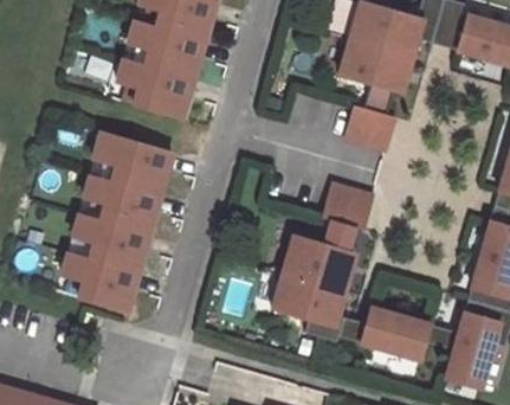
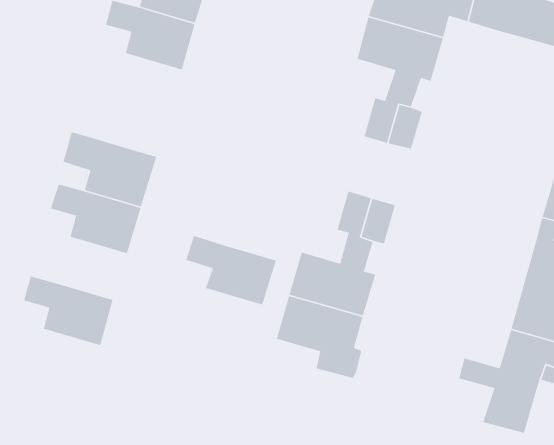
building: [117,62,194,121] -> none
building: [71,216,148,275] -> [185,235,277,306]
building: [340,307,430,360] -> none

